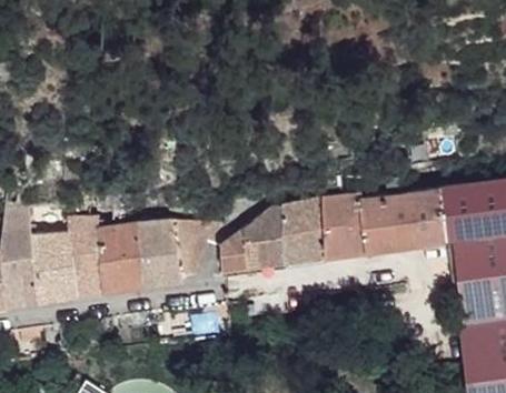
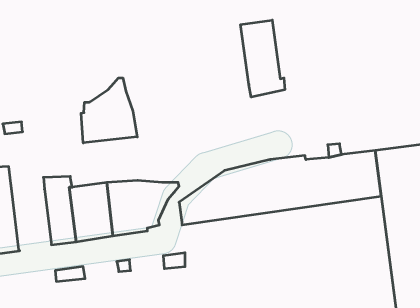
building: none -> [241,20,285,97]
building: none -> [81,78,137,143]
building: [33,231,78,300] -> none

